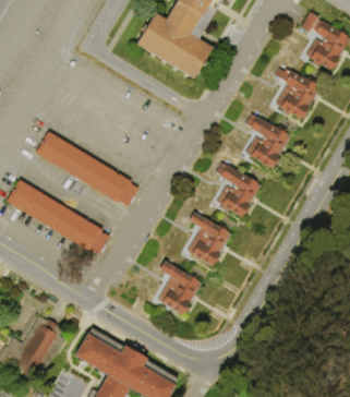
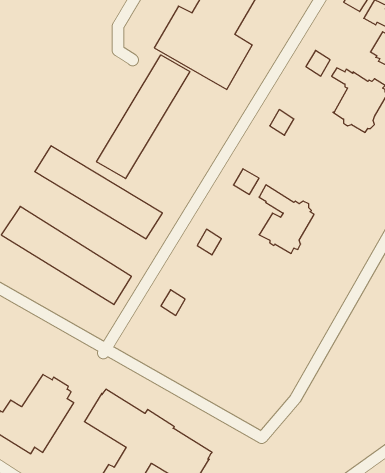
building: none -> [97,55,190,179]
building: [244,112,290,168] -> none
building: [186,212,230,265] -> none
building: [156,260,201,315] -> none

